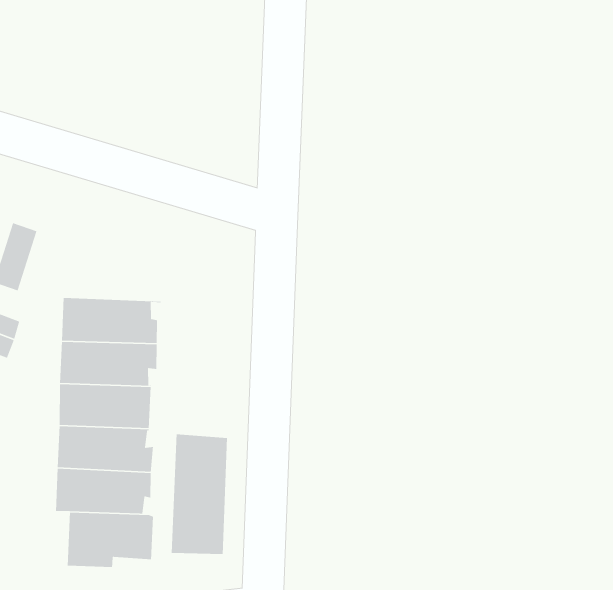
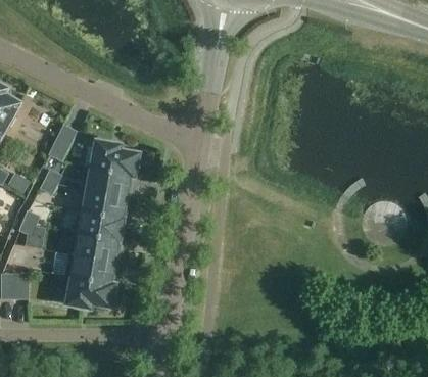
building: none -> [84,142,138,177]
building: [171,434,228,555] -> none

